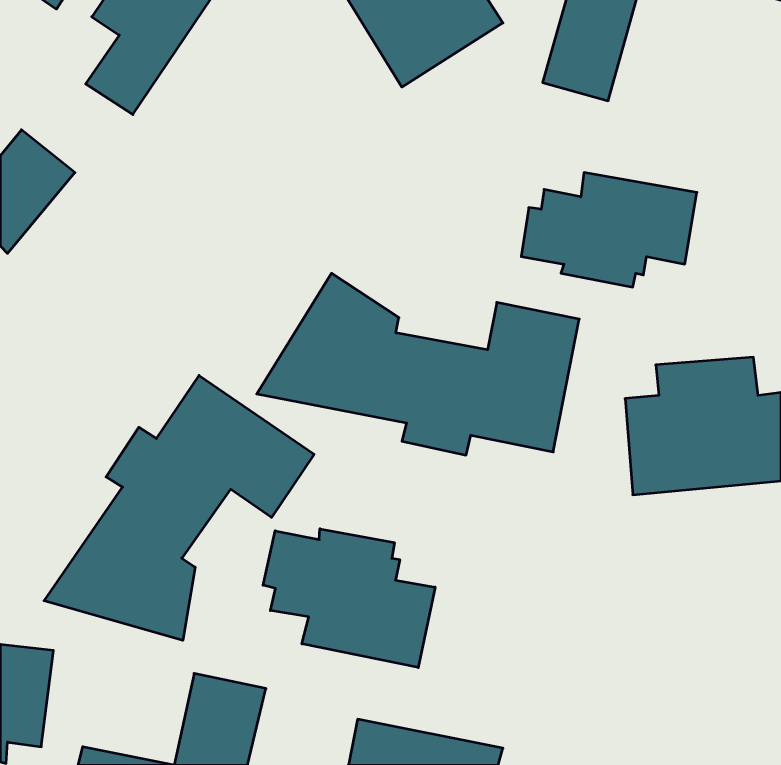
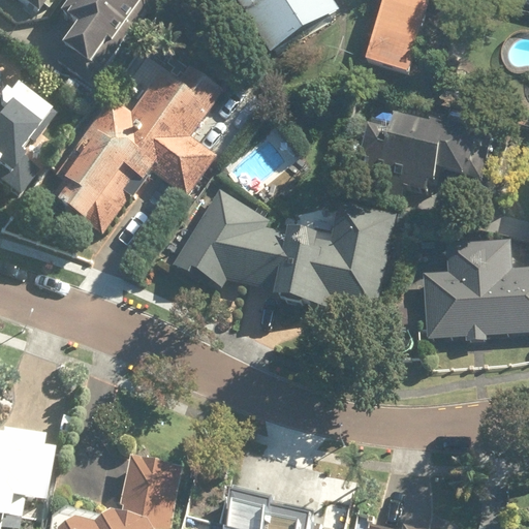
building: none -> [49,46,223,236]
building: [44,375,314,640] -> none
building: [263,529,435,668] -> none

